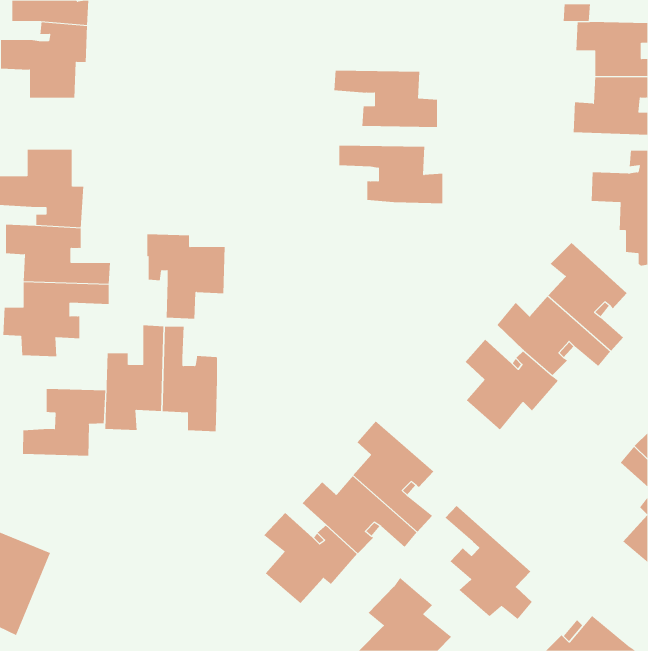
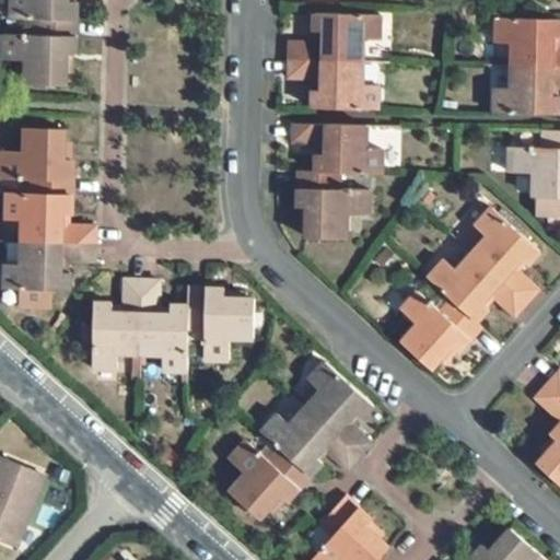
building: none -> [288,14,378,61]
building: none -> [296,171,368,240]
building: [147,234,226,319] -> [186,287,254,360]
building: [23,388,106,457] -> none
building: [445,505,533,620] -> none

